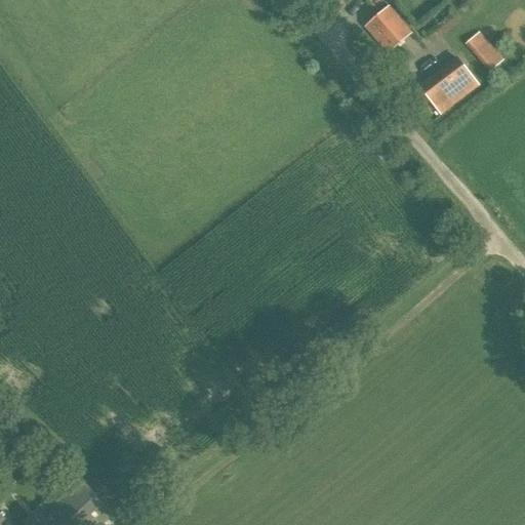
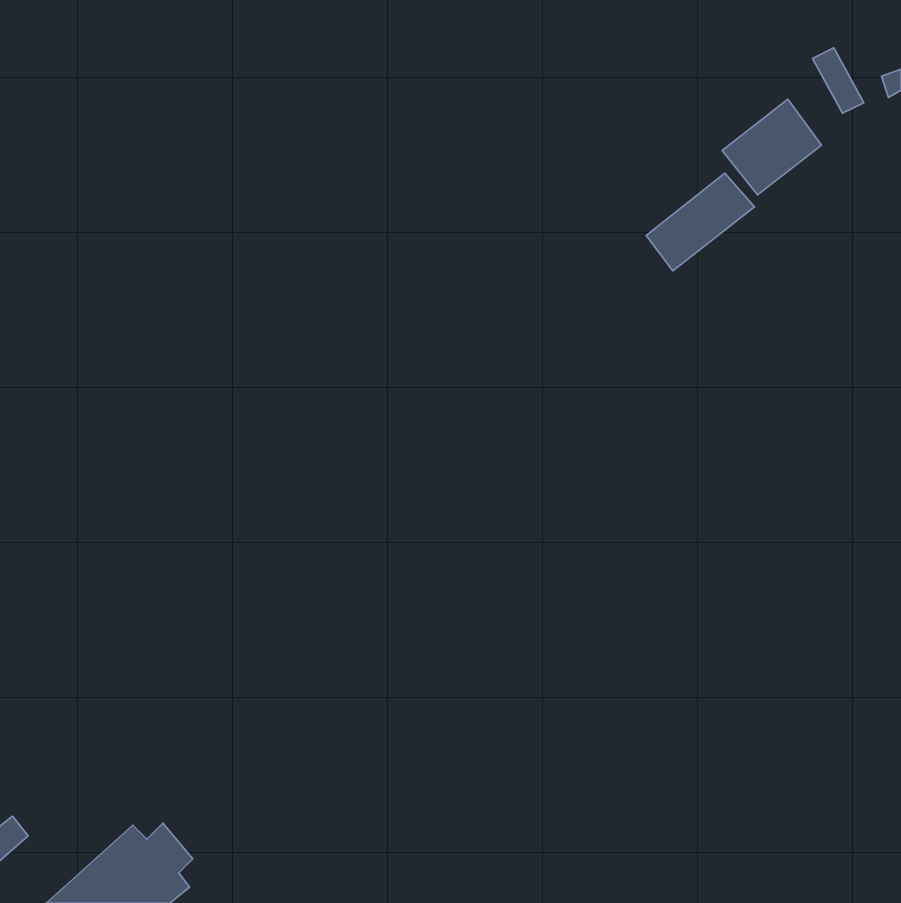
building: [363,6,409,52] -> none
building: none -> [646,173,754,271]

